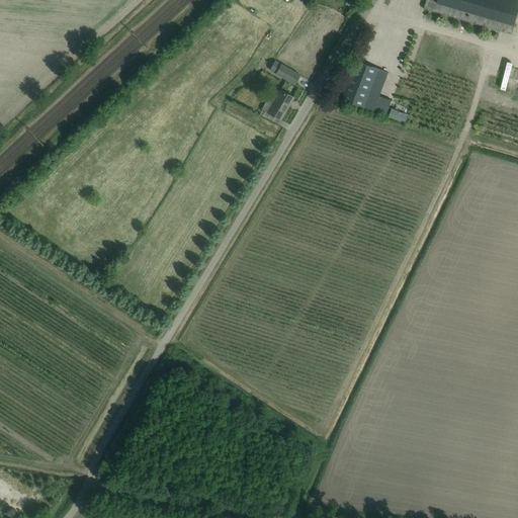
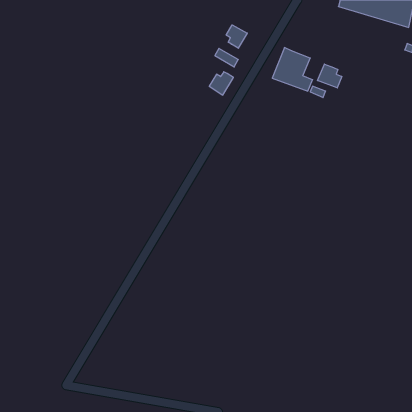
building: none -> [226,25,247,48]
building: none -> [318,64,342,88]

